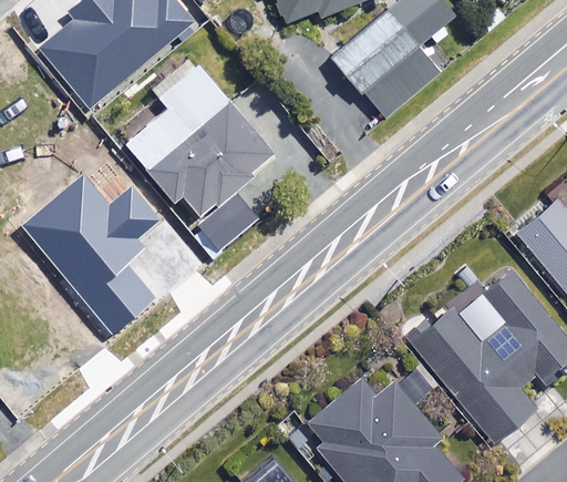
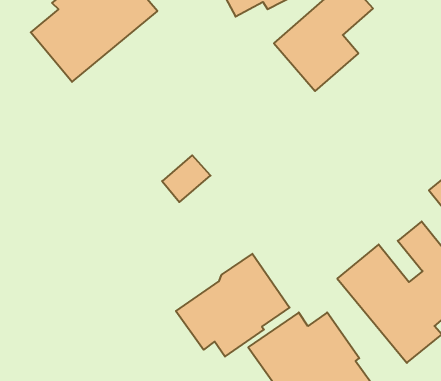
building: [125,65,274,217] -> none
building: [21,174,155,332] -> none
building: none -> [176,254,290,357]

